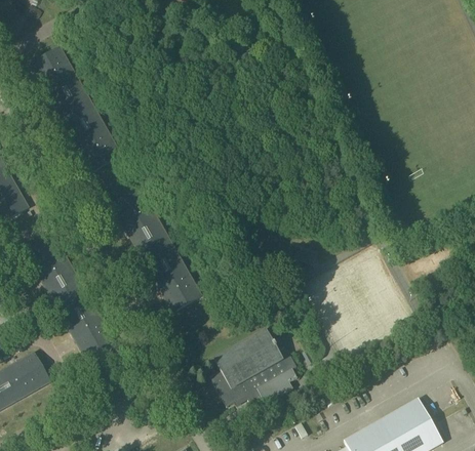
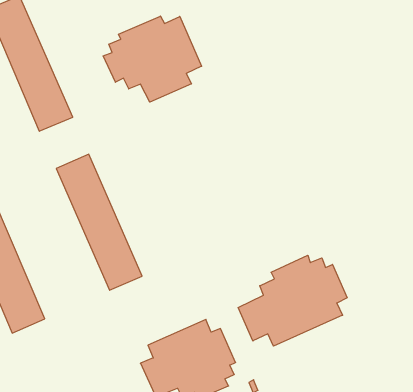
building: none -> [103,16,202,102]
building: none -> [238,255,347,346]

